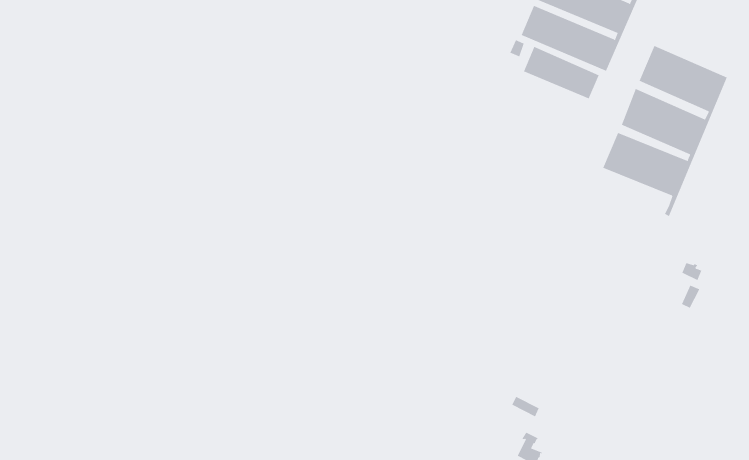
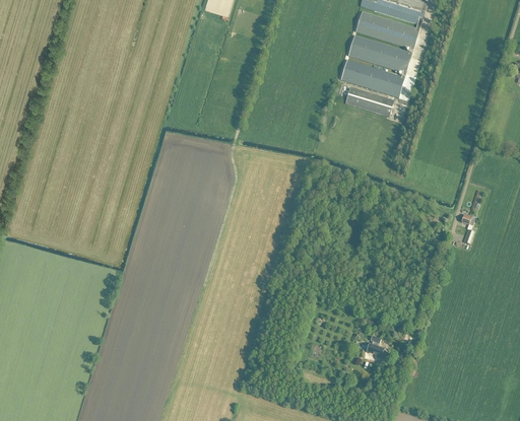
building: [602,45,727,217] -> none

